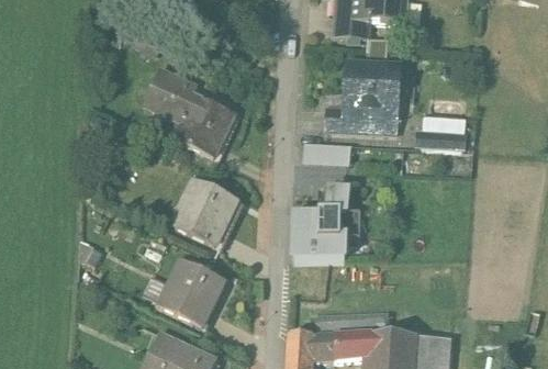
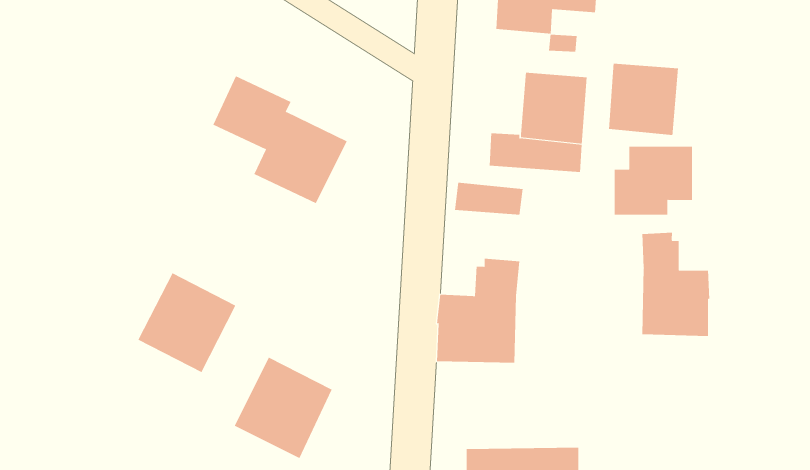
building: none -> [608,63,678,136]
building: none -> [642,232,710,337]
building: [172,178,238,245] -> [138,272,236,373]

